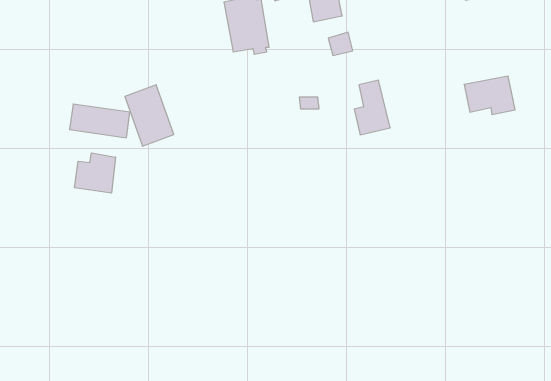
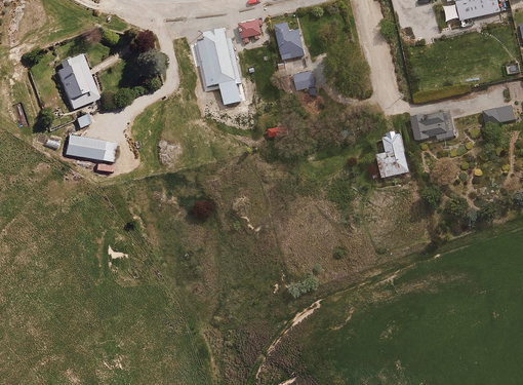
building: [354,80,390,135] -> [377,128,409,177]
building: [125,85,174,146] -> [54,53,97,108]
building: [74,153,116,193] -> none

